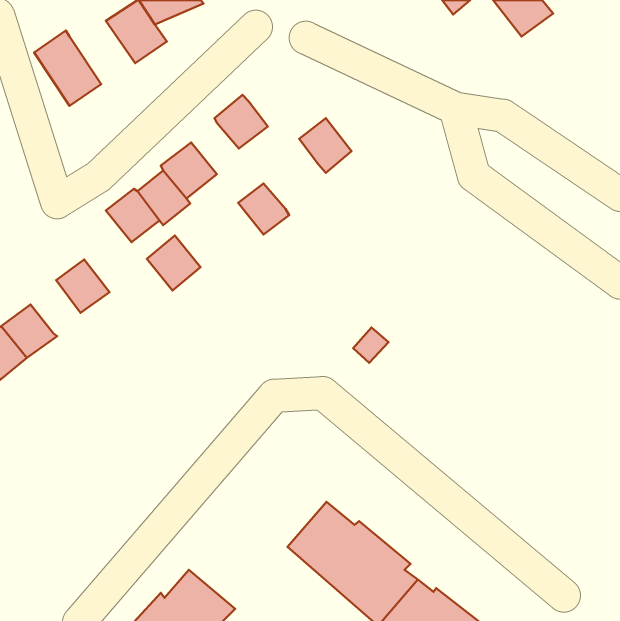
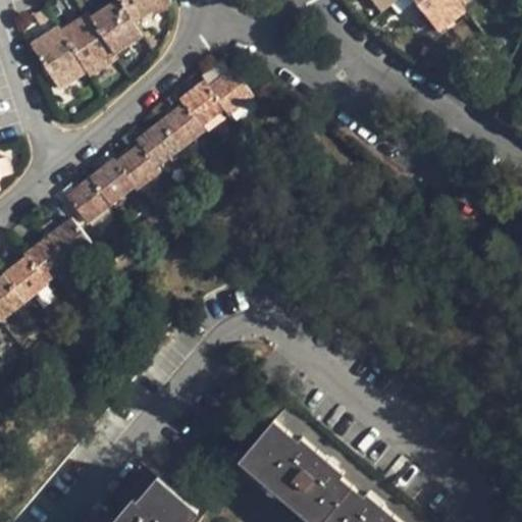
building: none -> [58,12,115,76]
building: [299,118,352,173] -> [208,68,252,114]
building: [238,183,289,234] -> [160,104,203,147]
building: [147,236,201,290] -> [65,177,110,223]
building: none -> [22,236,67,280]

